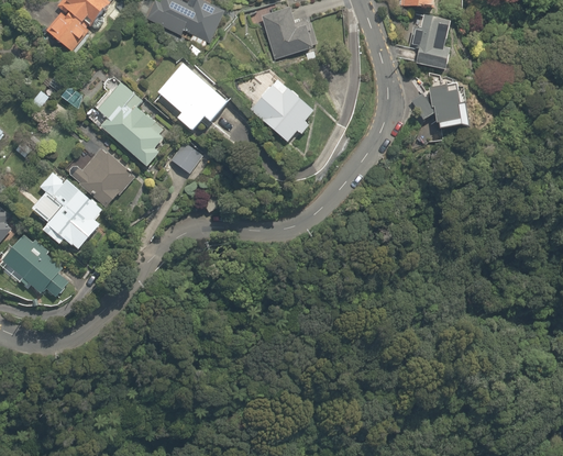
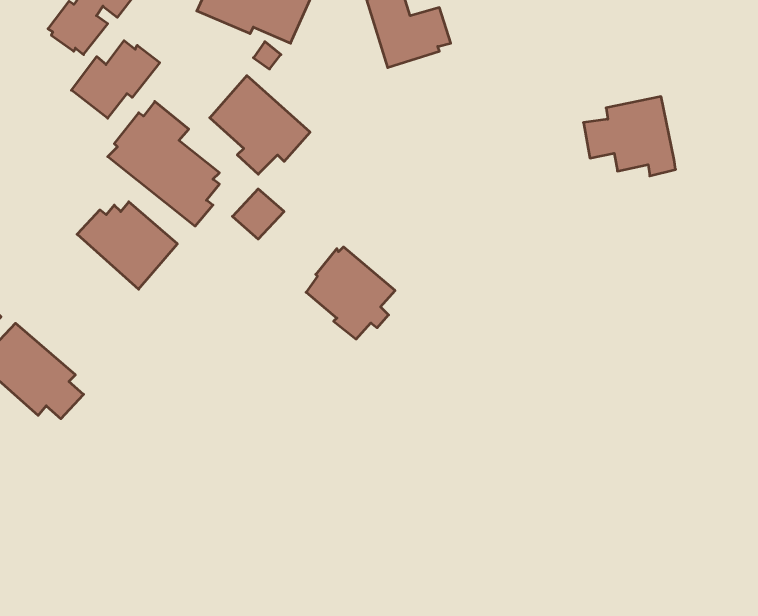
building: [409,18,452,69] -> none
building: none -> [71,41,160,118]
building: [252,78,312,141] -> [306,247,395,339]
building: [29,169,102,249] -> none

